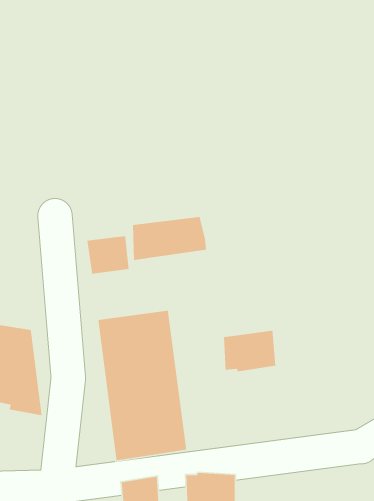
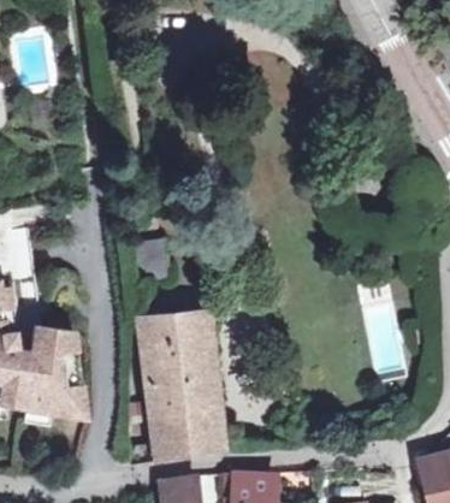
building: [132,216,207,261] -> none
building: [223,330,276,372] -> none

